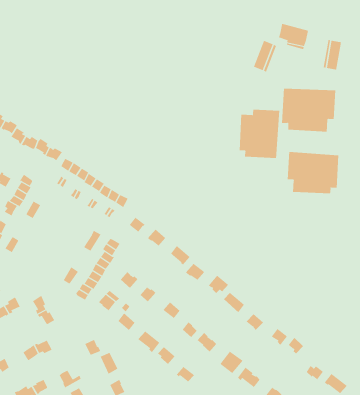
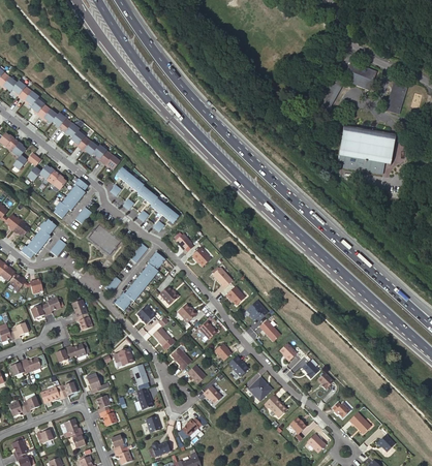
building: [239,109,280,159] -> none
building: [287,151,339,194] -> none

